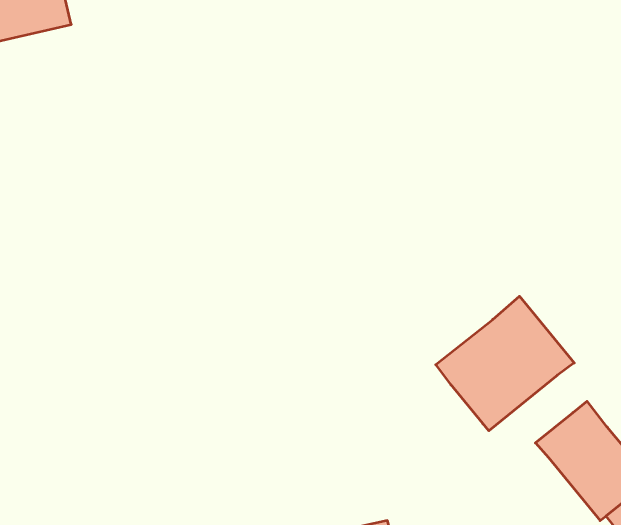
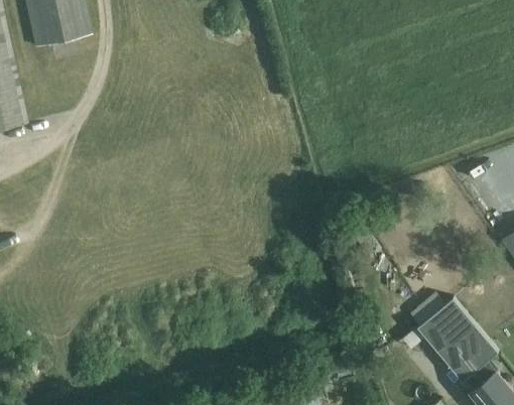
building: [436,296,574,431] -> none

